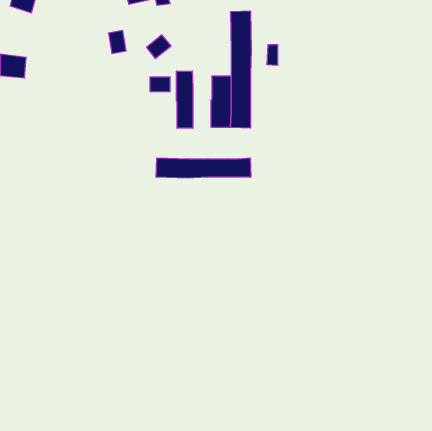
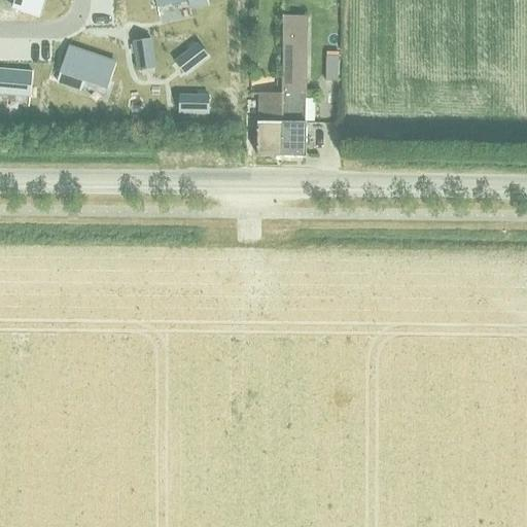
building: none -> [56,44,114,87]
building: [177,71,193,128] -> none
building: [156,158,251,178] -> none

